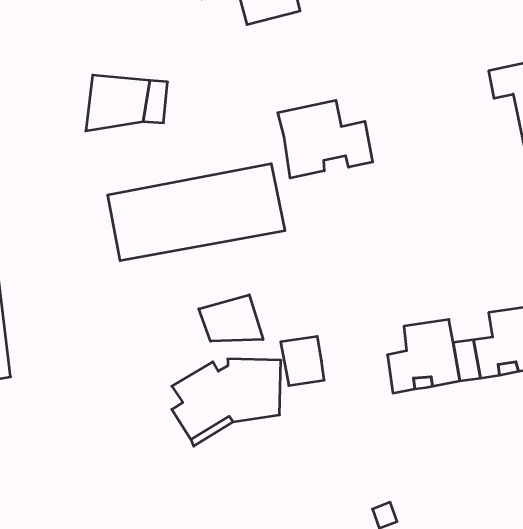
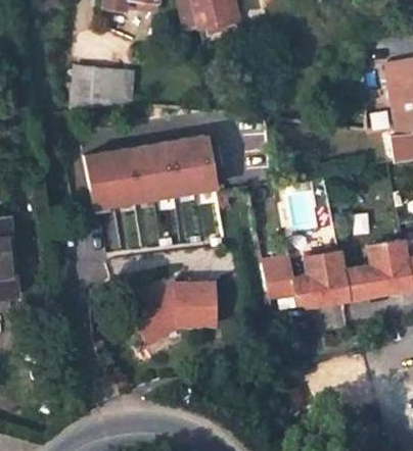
building: [278,100,373,178] -> none
building: [199,295,263,341] -> none
building: [281,336,324,386] -> [264,260,296,297]

